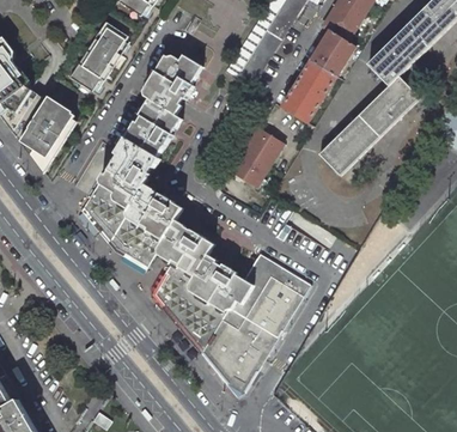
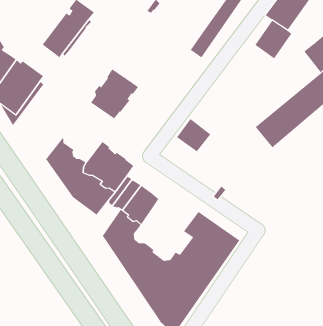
building: [144,54,203,114] -> none
building: [281,60,335,123] -> none
building: [244,127,284,165] -> none
building: [102,139,160,207] -> none
building: [190,254,256,312] -> none

